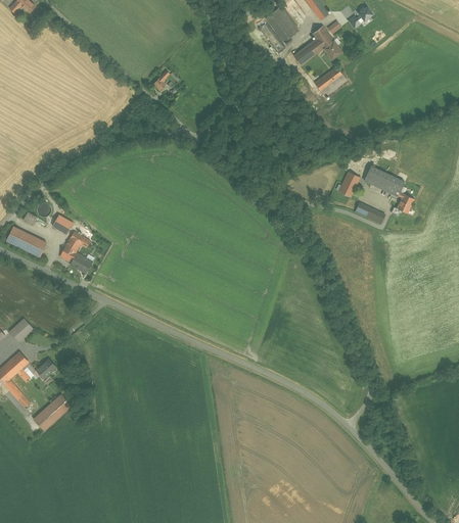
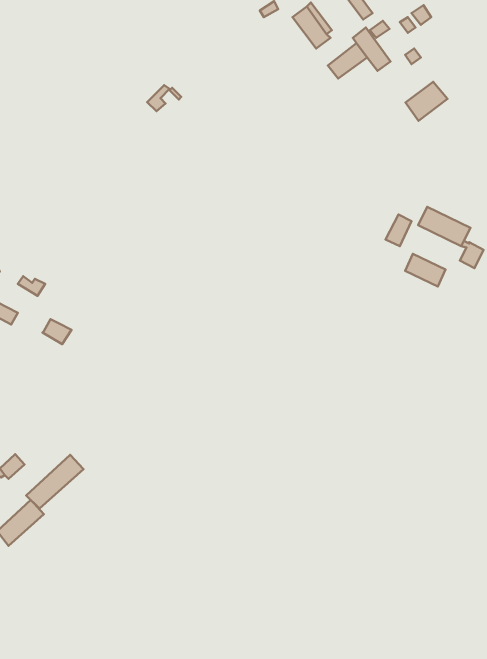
building: [314,65,347,96] -> [406,82,447,121]
building: [59,231,90,262] -> none
building: none -> [26,455,83,508]

